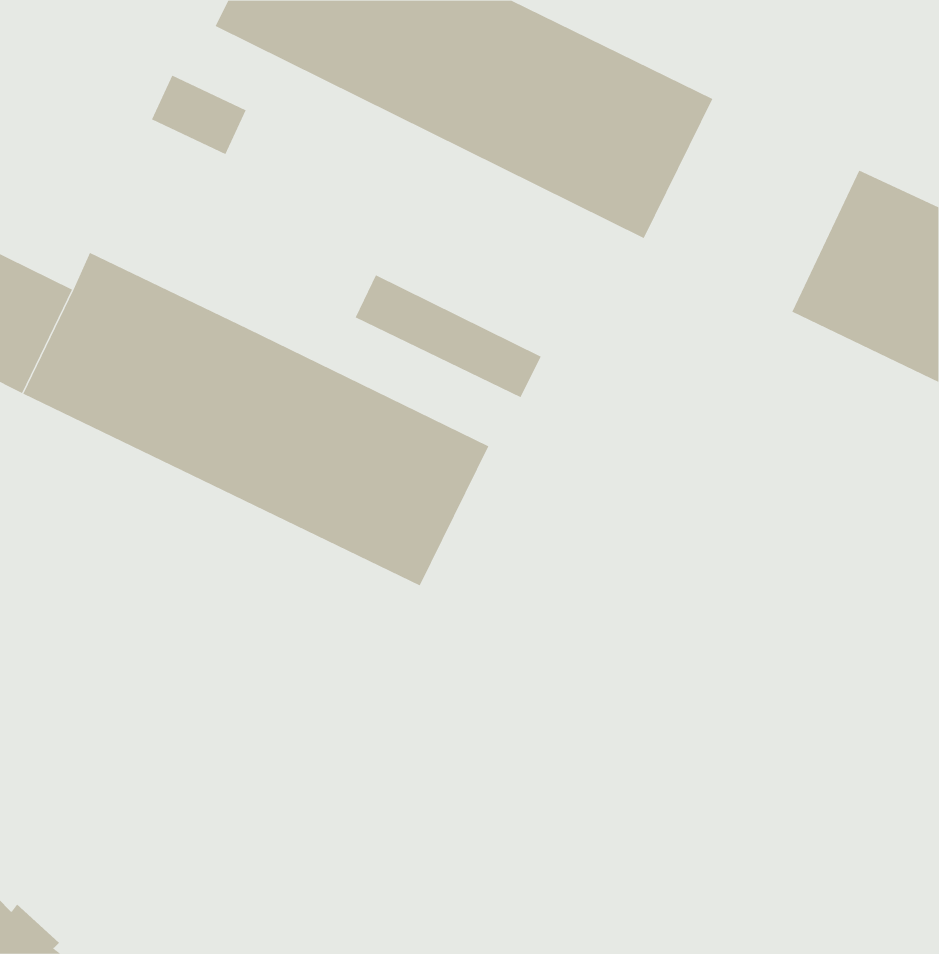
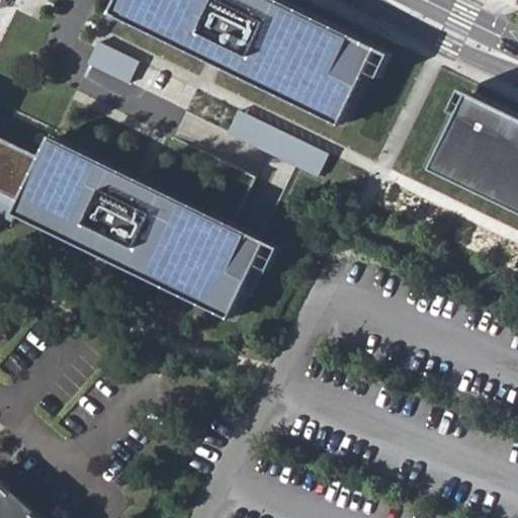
building: [355,274,541,398] -> [222,109,323,176]

